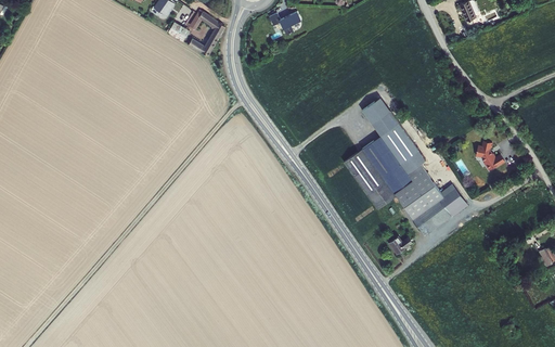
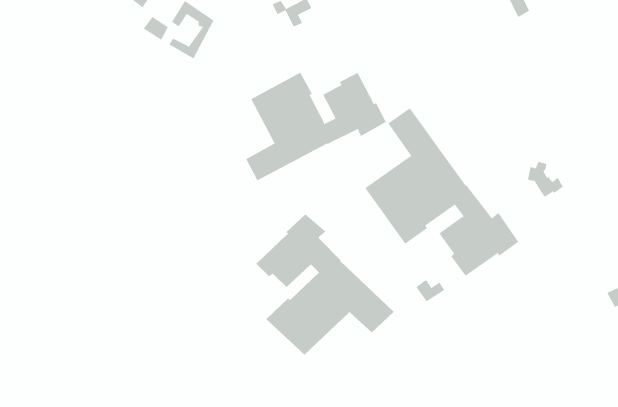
building: none -> [245,72,386,181]
building: none -> [255,213,394,356]

